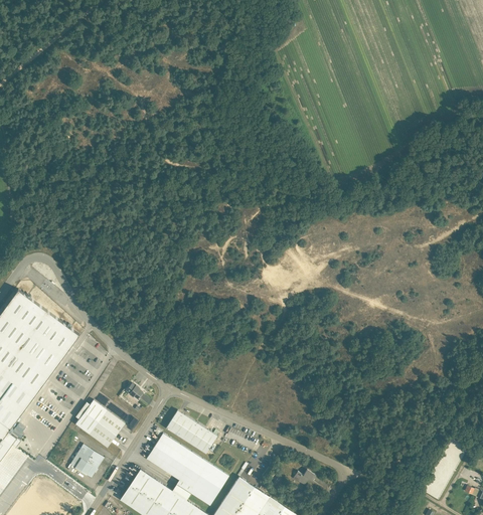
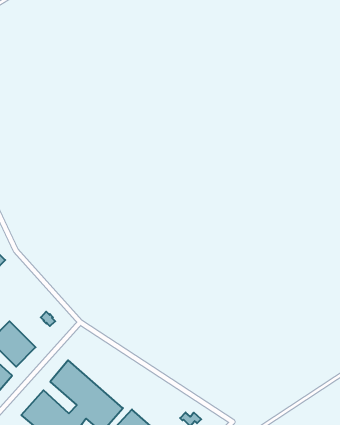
building: [165,411,216,455] -> none

